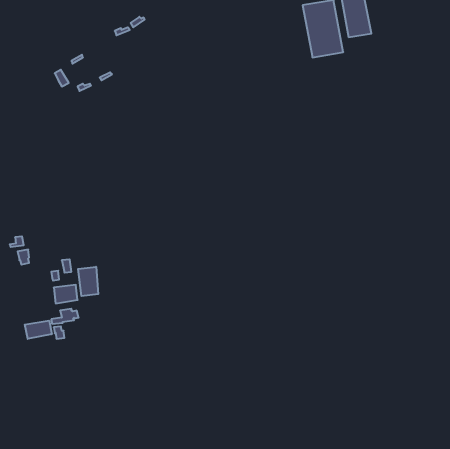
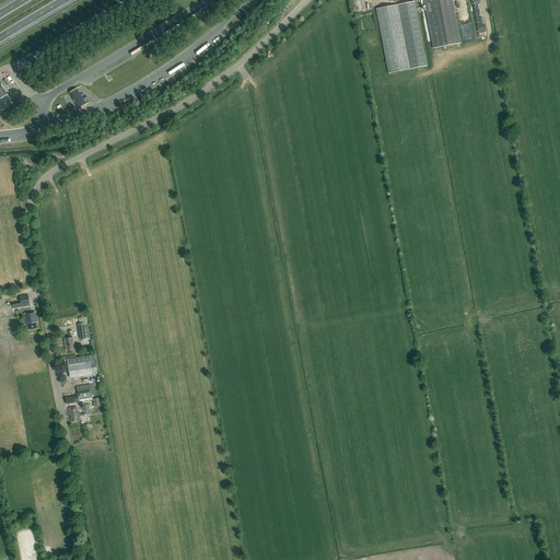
building: [78,267,98,296] -> none
building: [25,321,52,339] -> none

